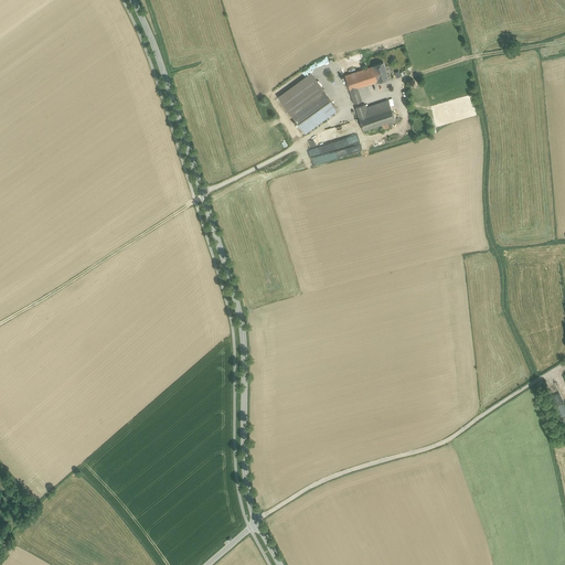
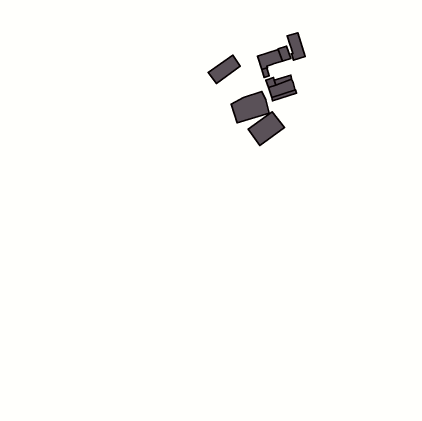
building: none -> [287,33,305,60]
building: [289,89,338,135] -> [248,112,284,146]

